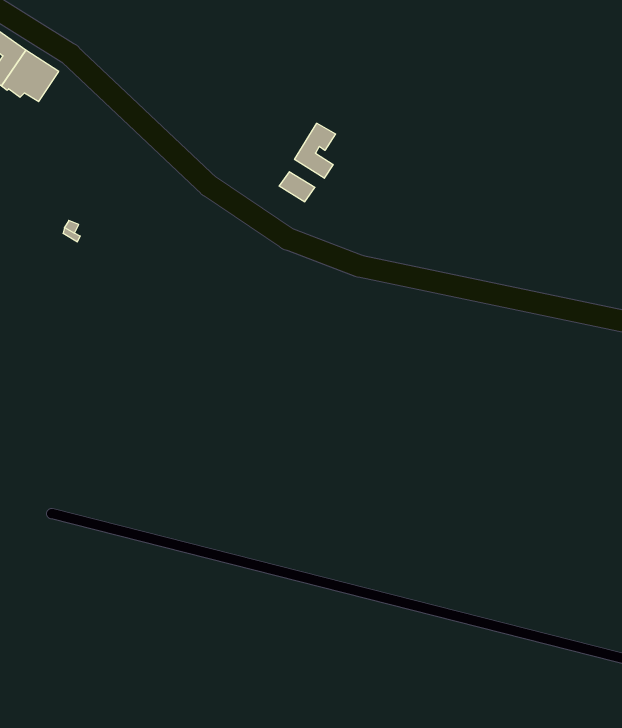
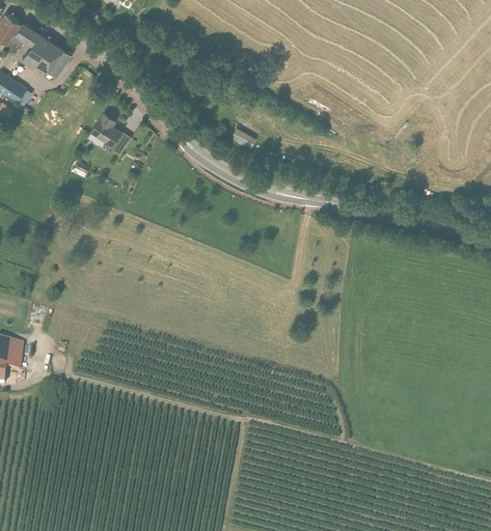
building: [295,123,336,178] -> none
building: none -> [93,113,130,158]

